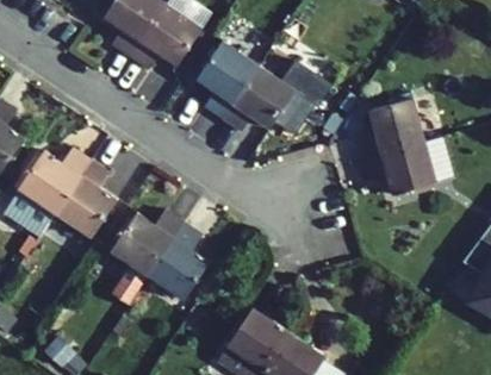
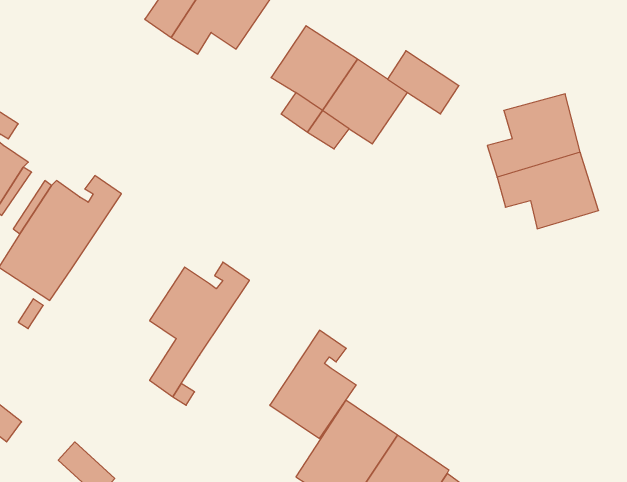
building: [56,161,117,238] -> none
building: [148,223,210,300] -> [270,330,356,438]

